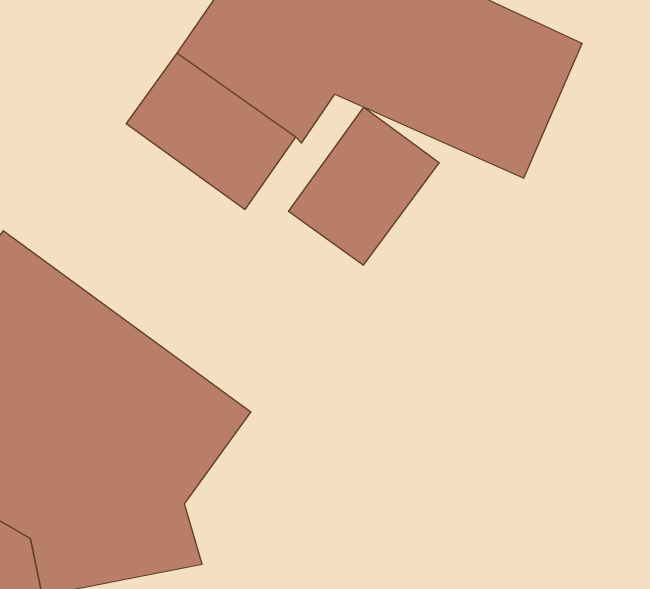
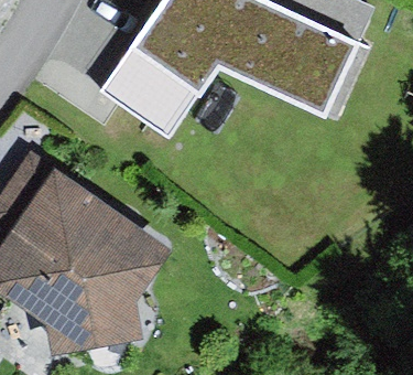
building: [289,107,439,265] -> none

